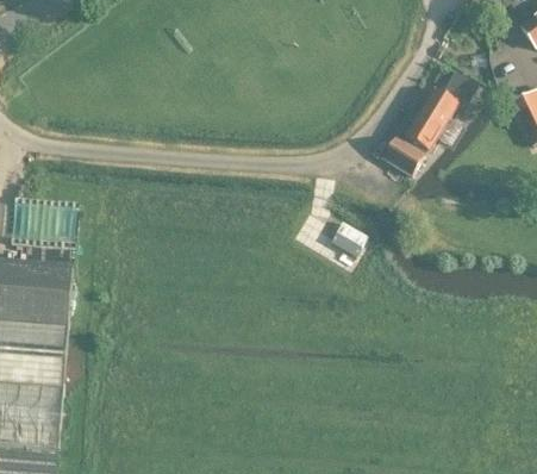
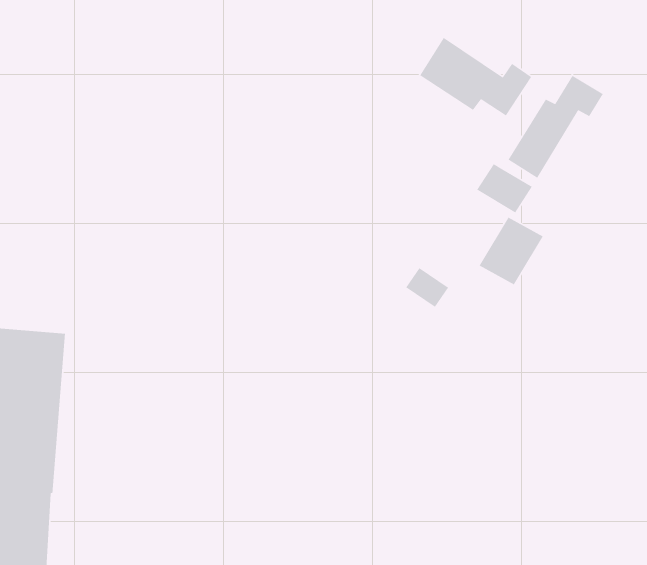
building: none -> [419,37,532,116]
building: none -> [479,216,544,285]

